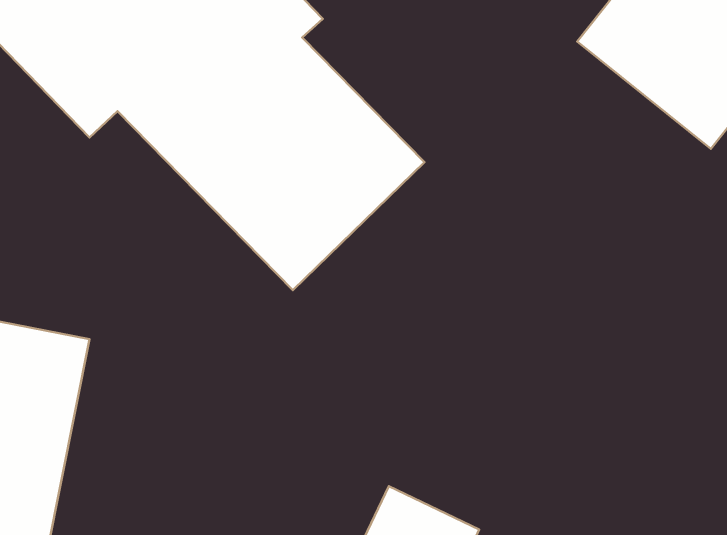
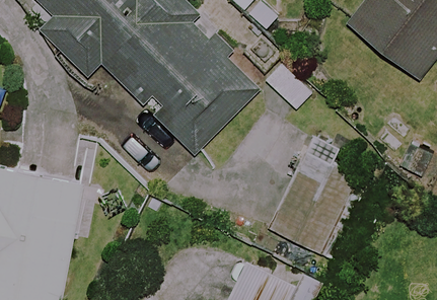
building: none -> [269,159,352,254]

